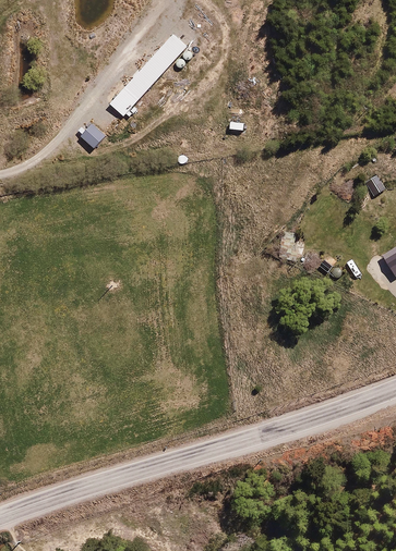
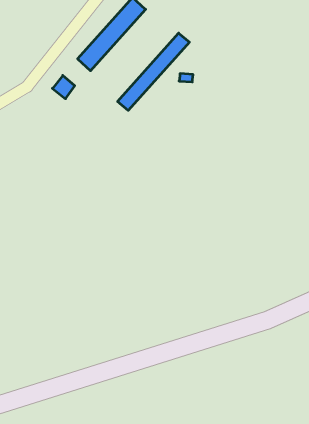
building: none -> [118,33,189,110]

